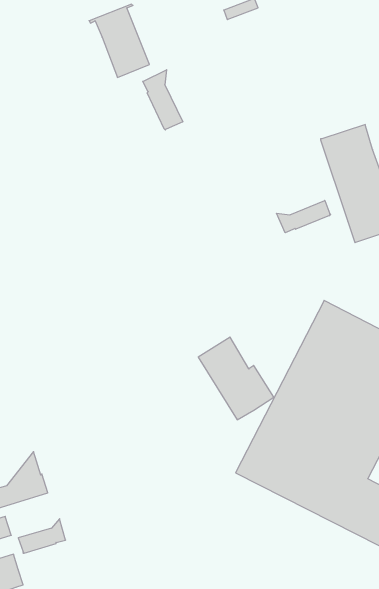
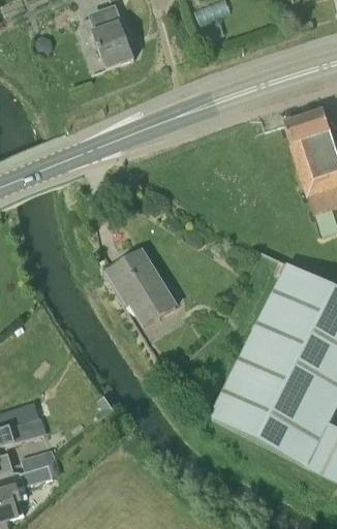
building: [143,70,183,130] -> none
building: [277,200,331,233] -> none
building: [198,337,274,420] -> [110,251,176,323]

